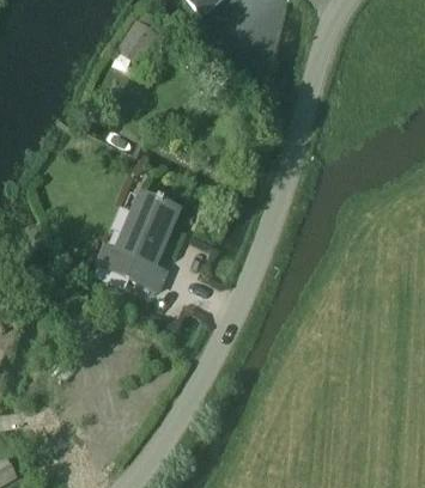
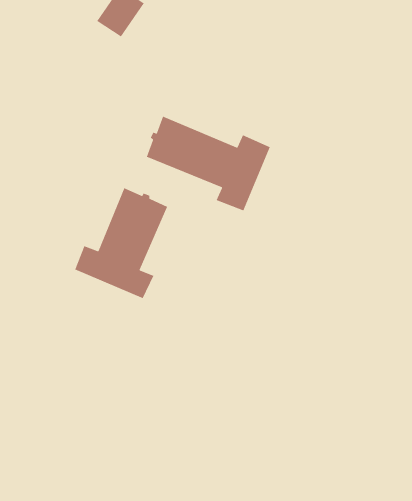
building: none -> [146,115,271,211]

